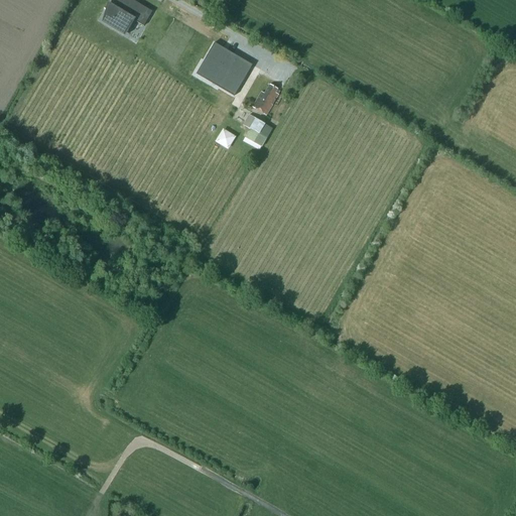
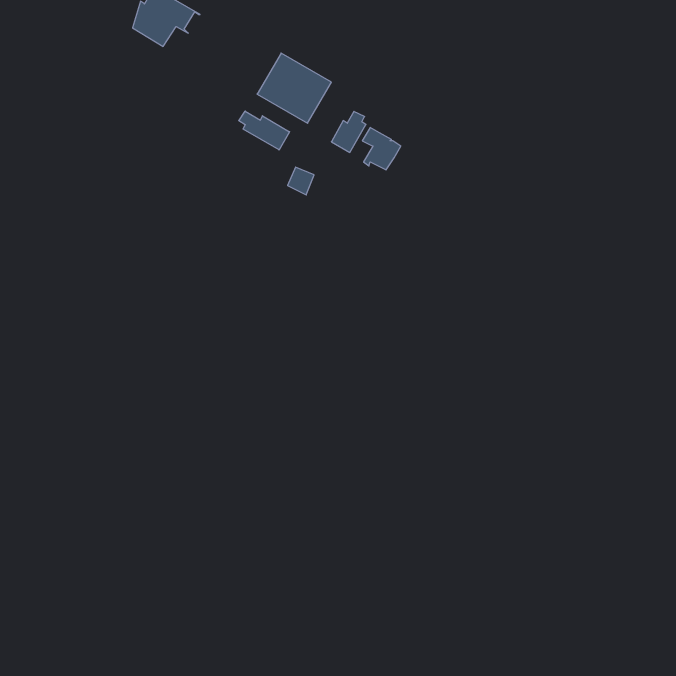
building: none -> [239,111,290,150]
building: [243,114,272,146] -> [362,128,401,170]

